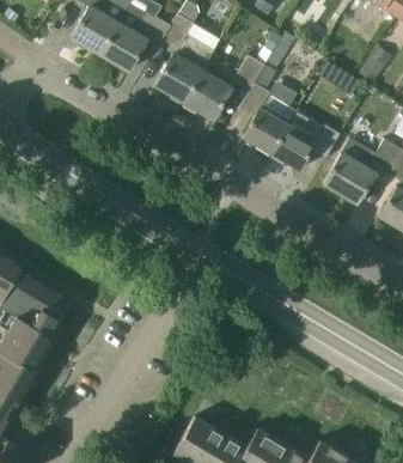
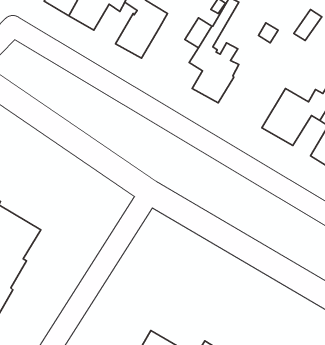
building: [184,68,233,120] -> none
building: [273,124,341,170] -> none

